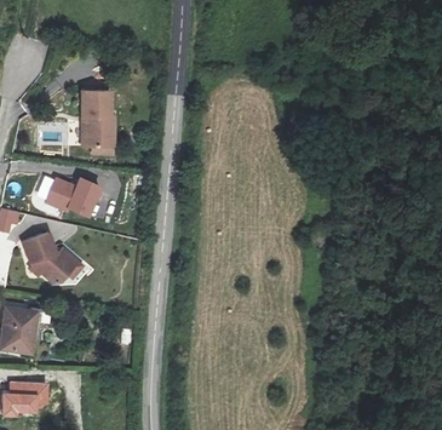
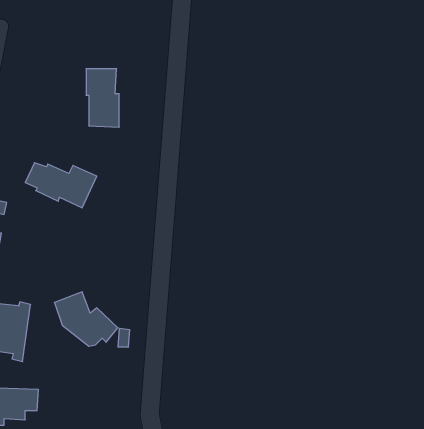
building: [24,233,82,282] -> [54,292,118,346]

